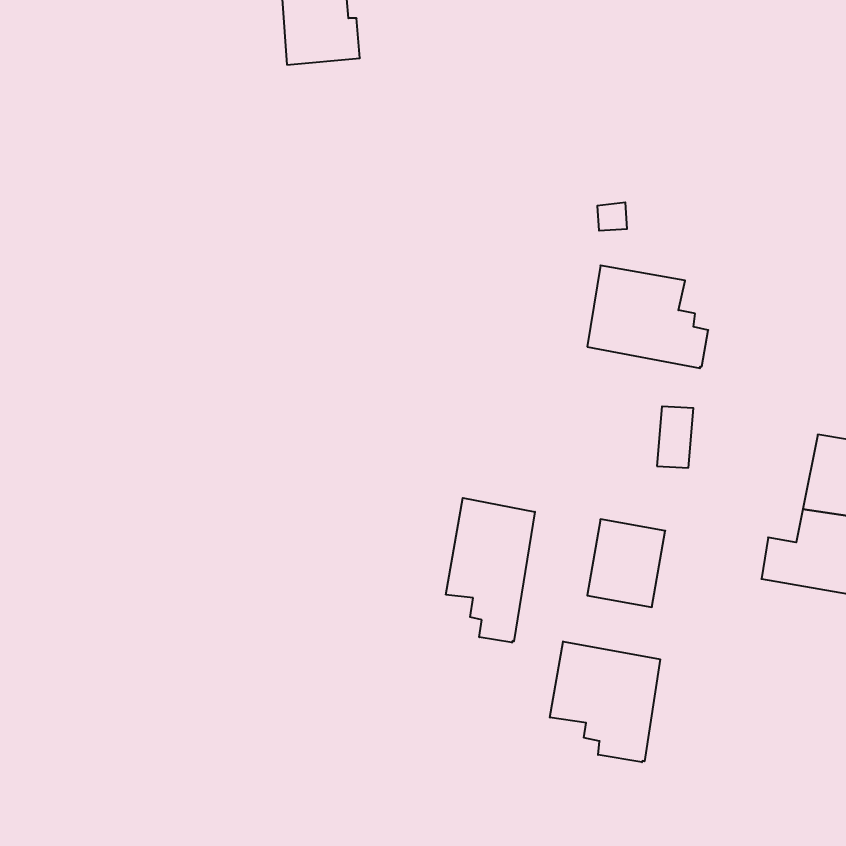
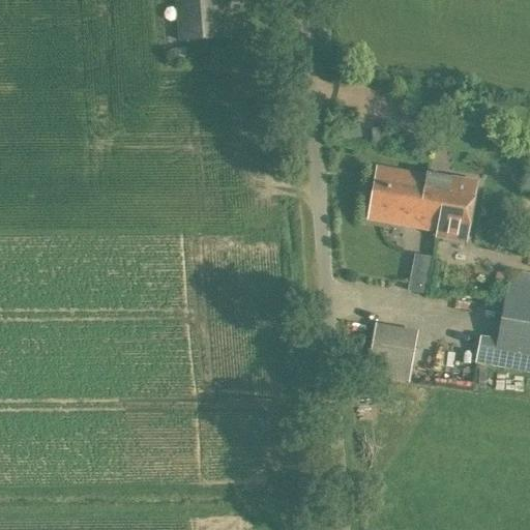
building: none -> [424,173,476,239]
building: [446,498,535,643] -> none
building: [550,641,660,762] -> none

